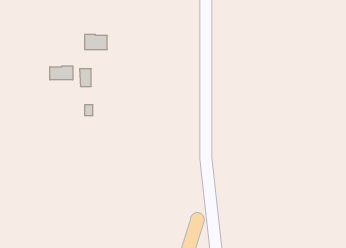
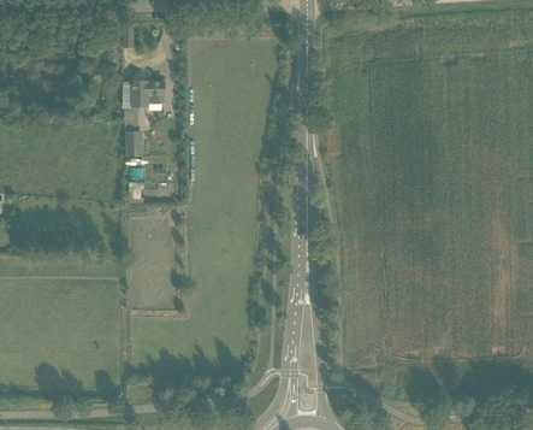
building: [50,66,73,80] -> none

